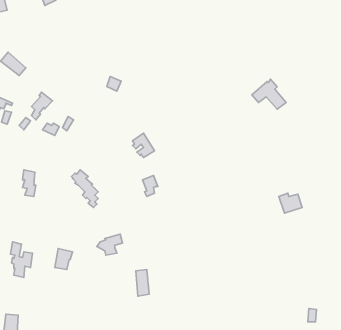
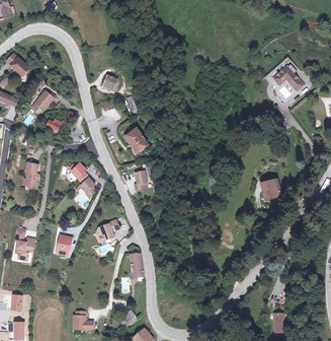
building: [252,79,286,109] -> [271,64,303,91]

